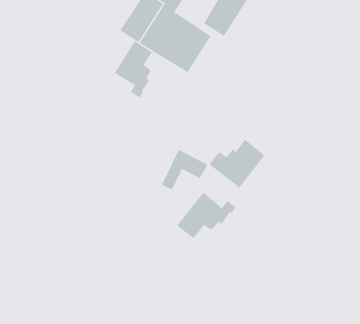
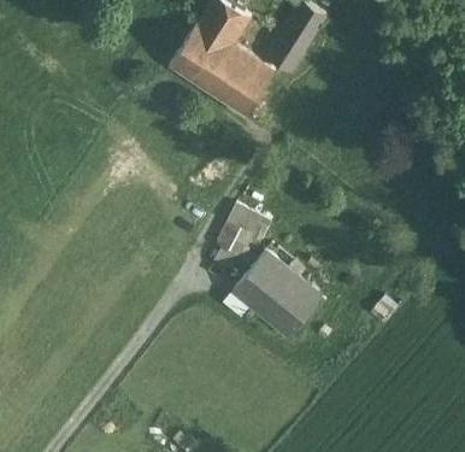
building: [114,40,153,98] -> none
building: [208,139,266,188] -> [254,278,320,336]

